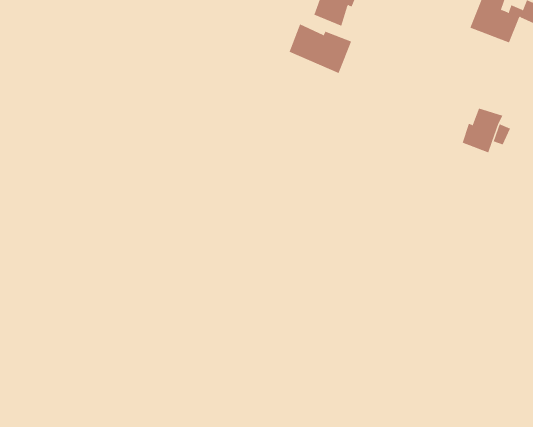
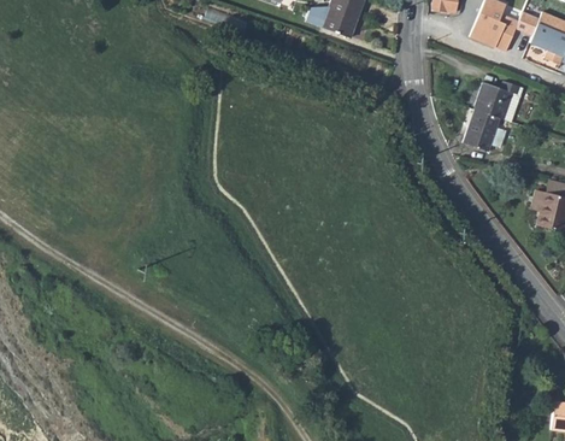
building: [289,23,352,74] -> none
building: none -> [473,82,520,120]

